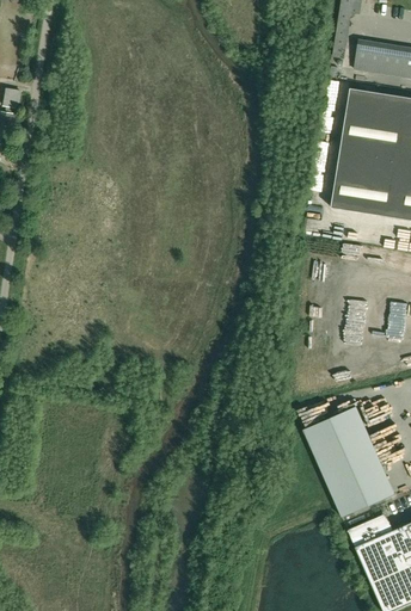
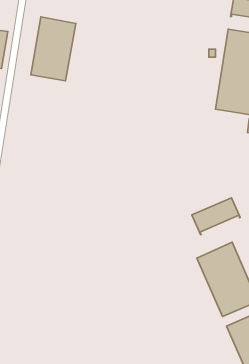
building: none -> [31,17,76,81]
building: none -> [192,198,240,235]

